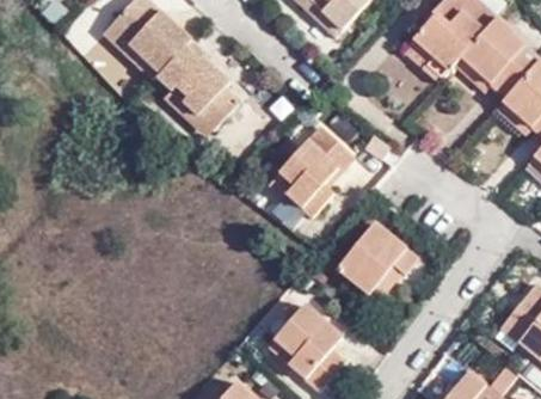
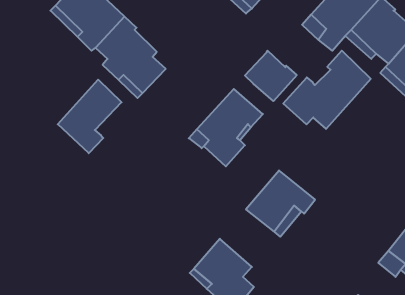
building: none -> [245,51,297,101]
building: none -> [283,51,371,129]
building: none -> [58,80,122,153]

